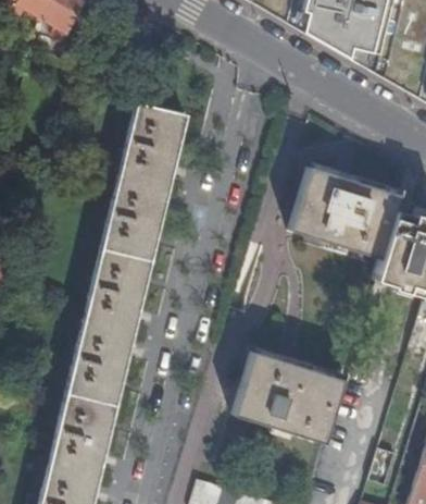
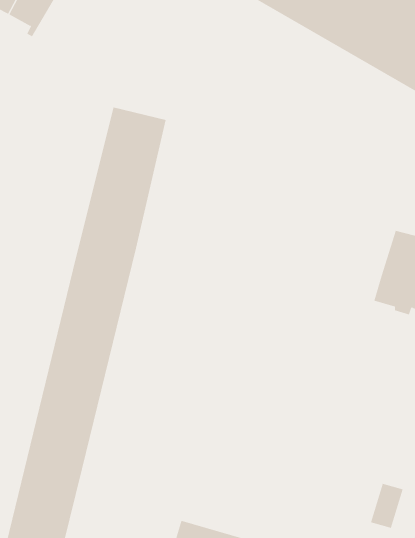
building: [290,167,400,256] -> none
building: [234,349,343,440] -> none

